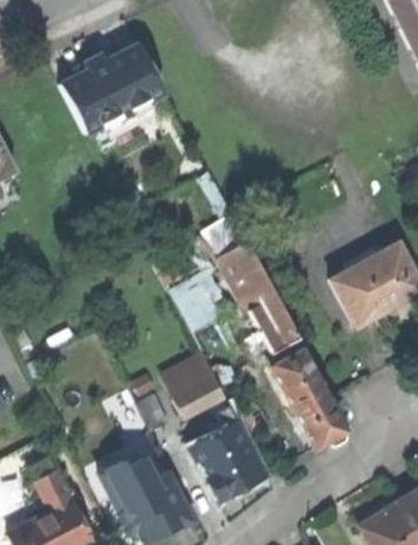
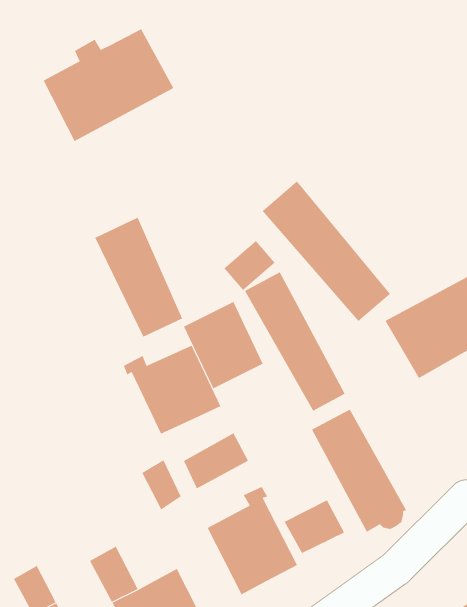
building: none -> [262,180,391,322]
building: none -> [95,217,183,338]
building: none -> [123,345,221,435]
building: none -> [284,499,345,554]

